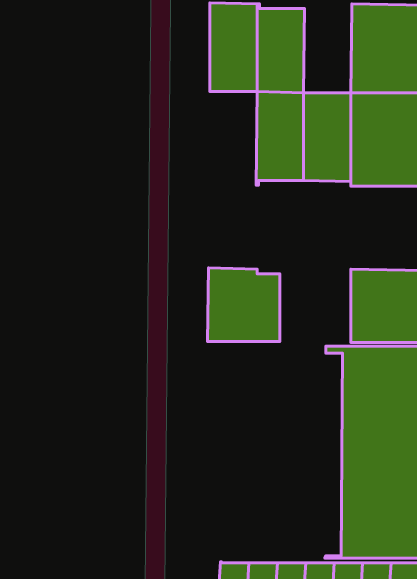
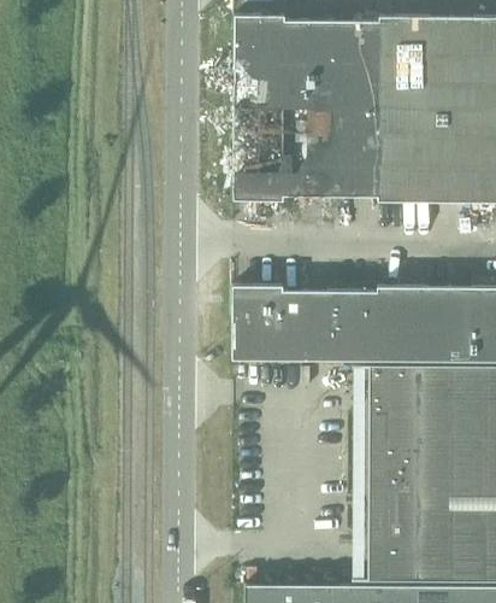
building: none -> [330,21,379,106]
building: none -> [234,105,283,200]
building: none -> [306,286,378,361]

